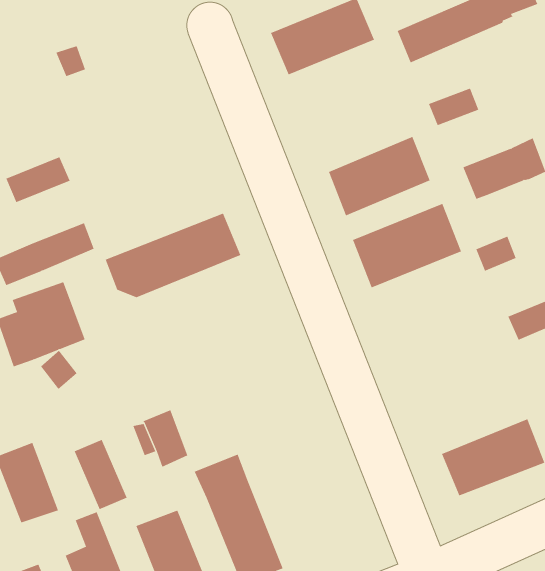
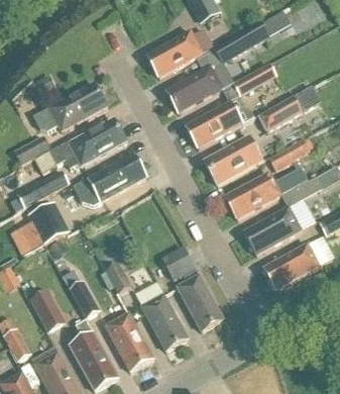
building: none -> [165,67,221,112]
building: none -> [33,83,107,131]
building: none -> [50,118,125,168]
building: none -> [225,171,301,218]
building: none -> [243,207,302,255]
building: none -> [162,247,223,330]

